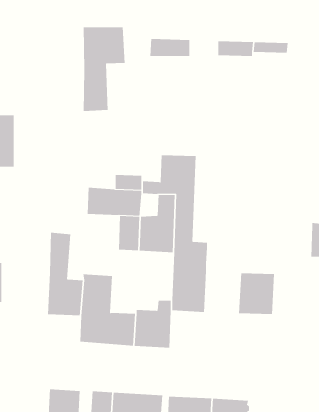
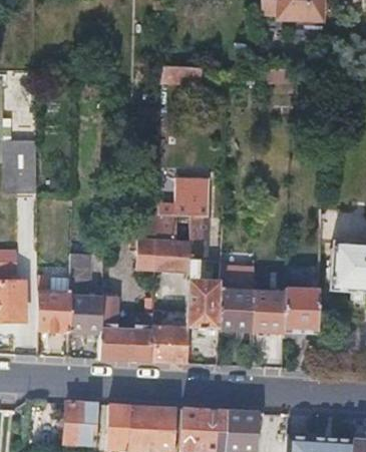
building: [83,27,125,112] -> none
building: none -> [285,246,322,333]
building: none -> [220,267,255,330]
building: none -> [37,289,70,331]

